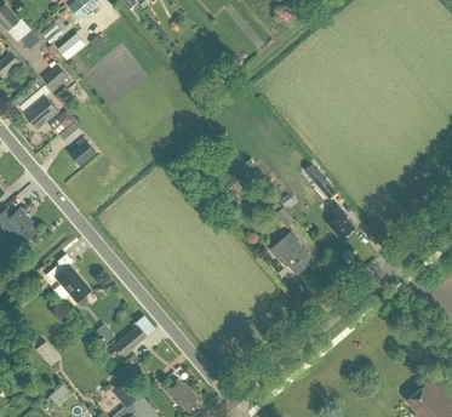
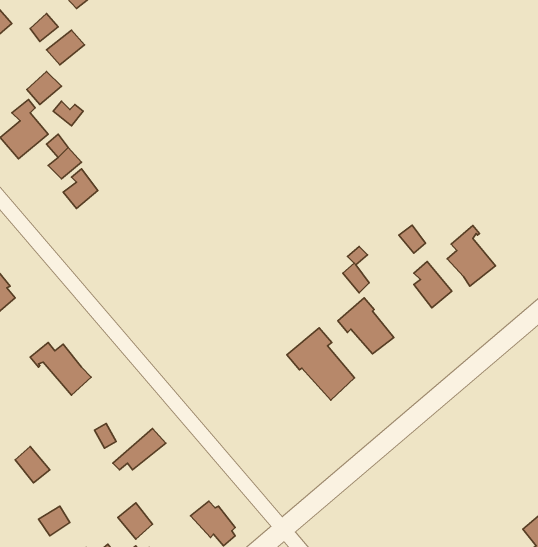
building: none -> [447,226,496,286]
building: none -> [287,328,354,400]

